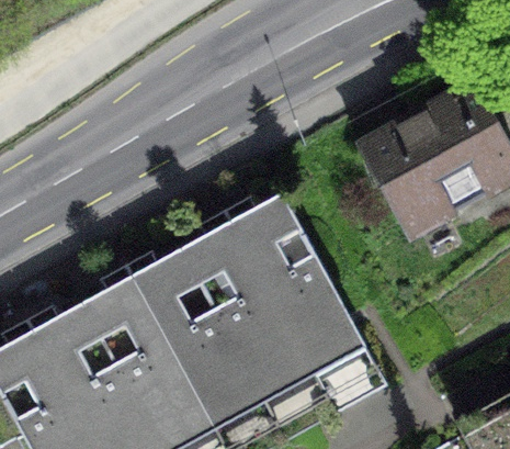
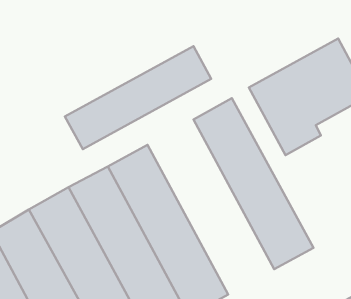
building: none -> [65,46,211,149]
building: [230,194,384,413] -> [193,98,314,269]

